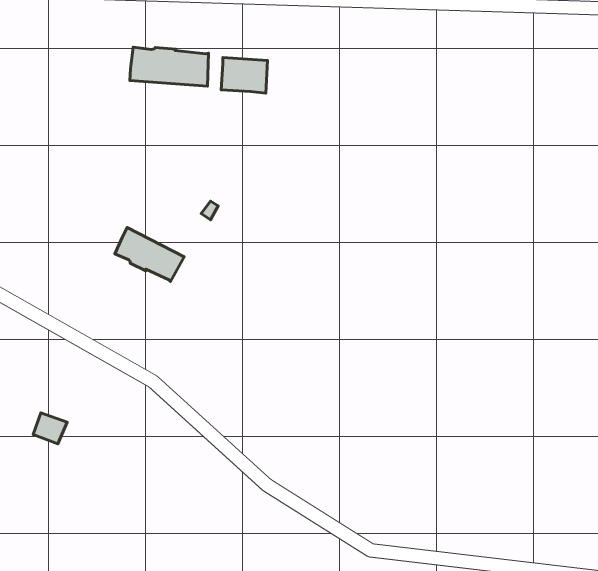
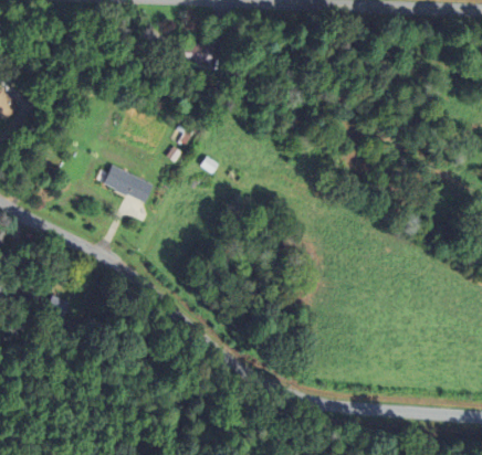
building: [130,47,208,86] -> none

